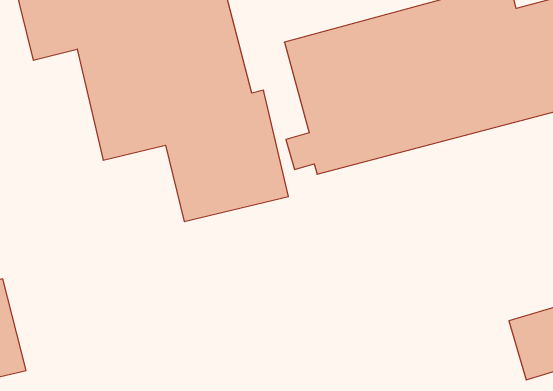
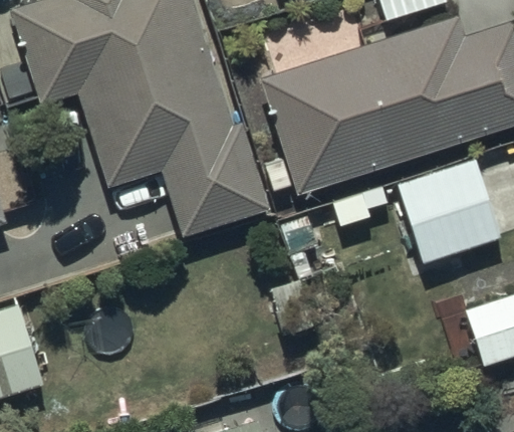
building: none -> [400,160,499,262]

